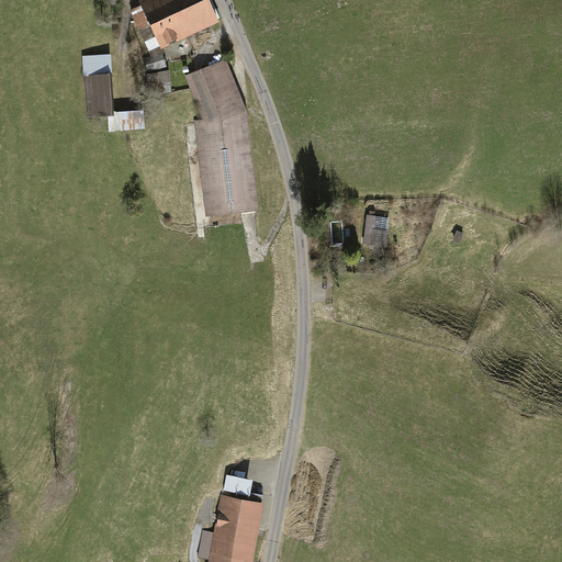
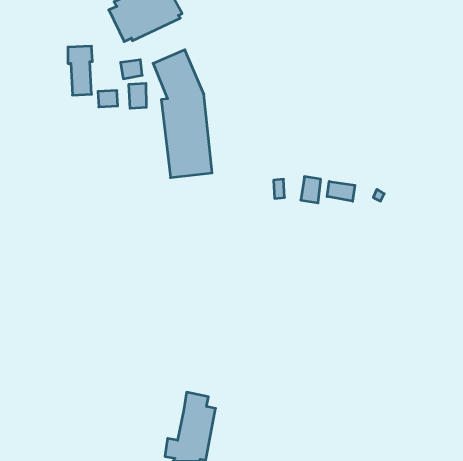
building: none -> [129,83,146,108]
building: none -> [327,181,355,201]

